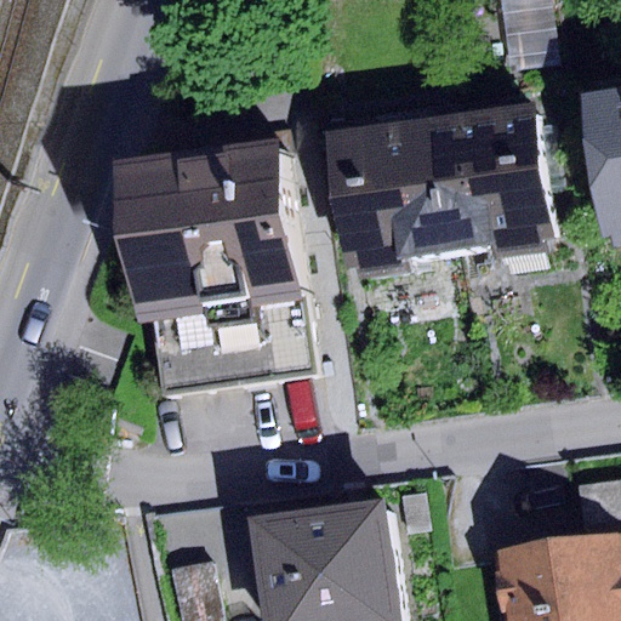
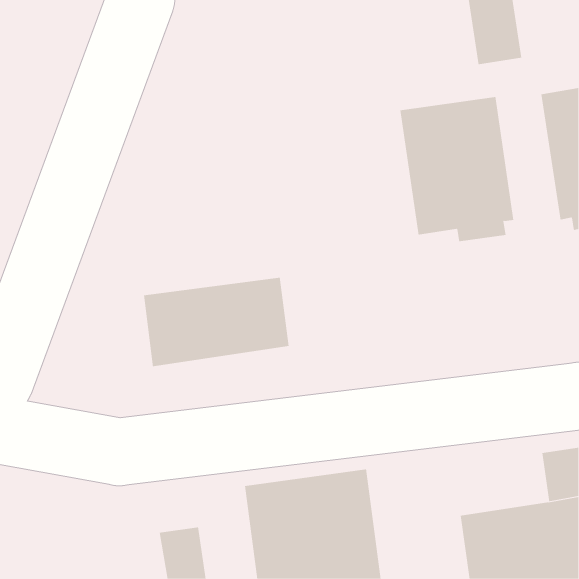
building: [319,118,446,281] -> none
building: [132,143,300,315] -> none

